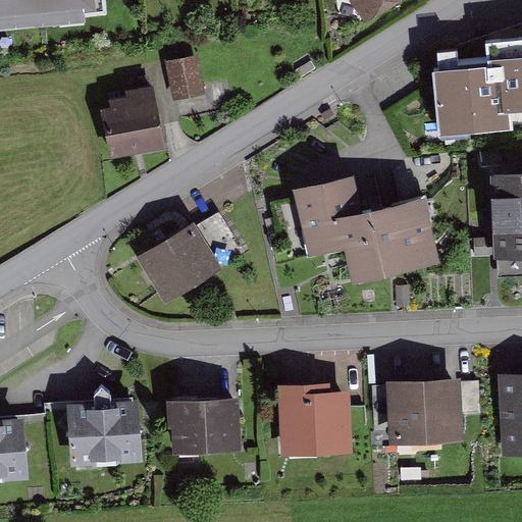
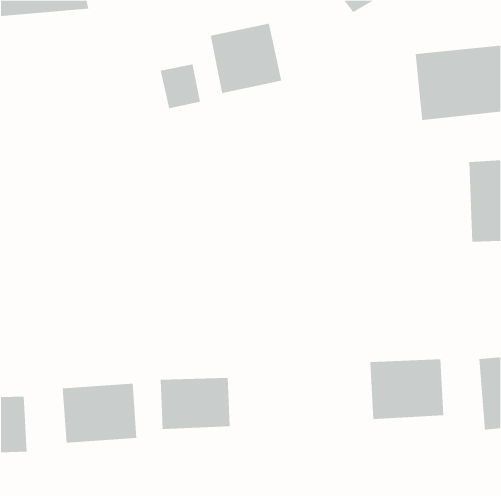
building: none -> [210,23,282,94]
building: [106,96,158,153] -> none
building: [298,180,431,277] -> none
building: [137,226,222,305] -> none
building: [283,393,353,454] -> none

